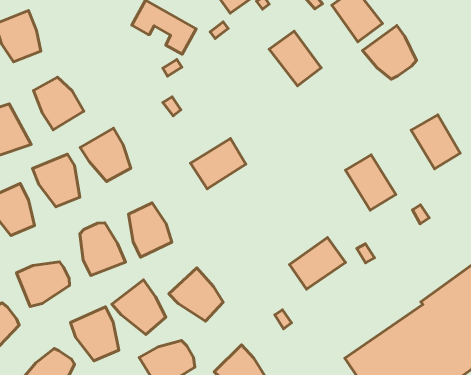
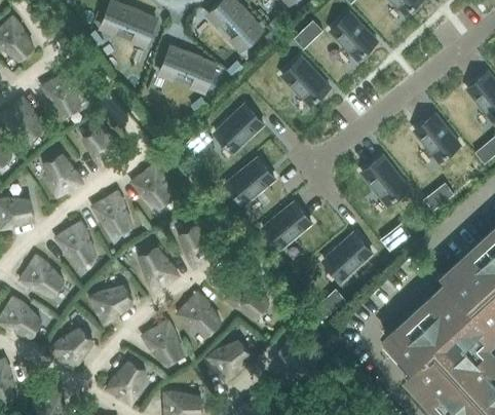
building: [362,25,417,79] -> none
building: none -> [215,105,263,152]
building: none -> [263,202,311,249]

